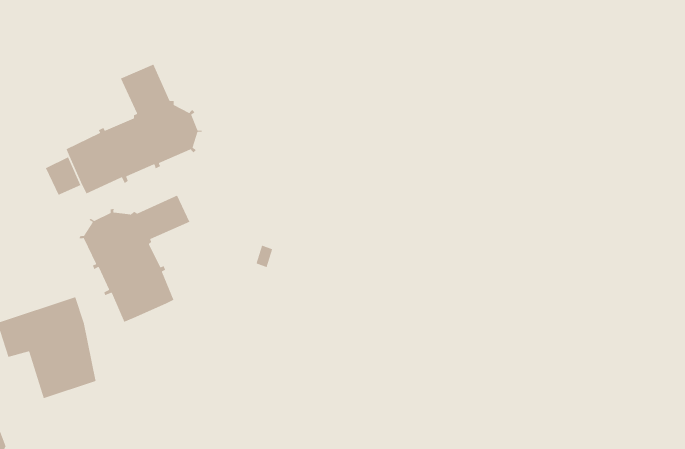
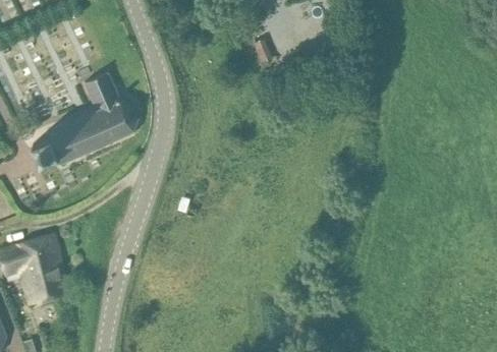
building: [79,195,190,323] -> none

